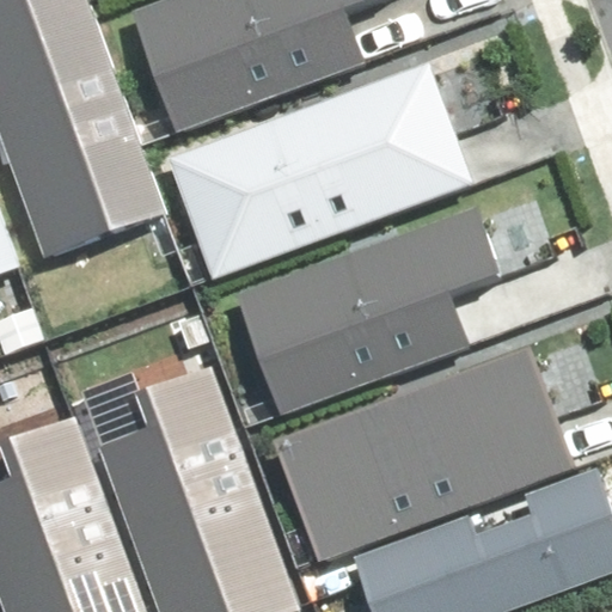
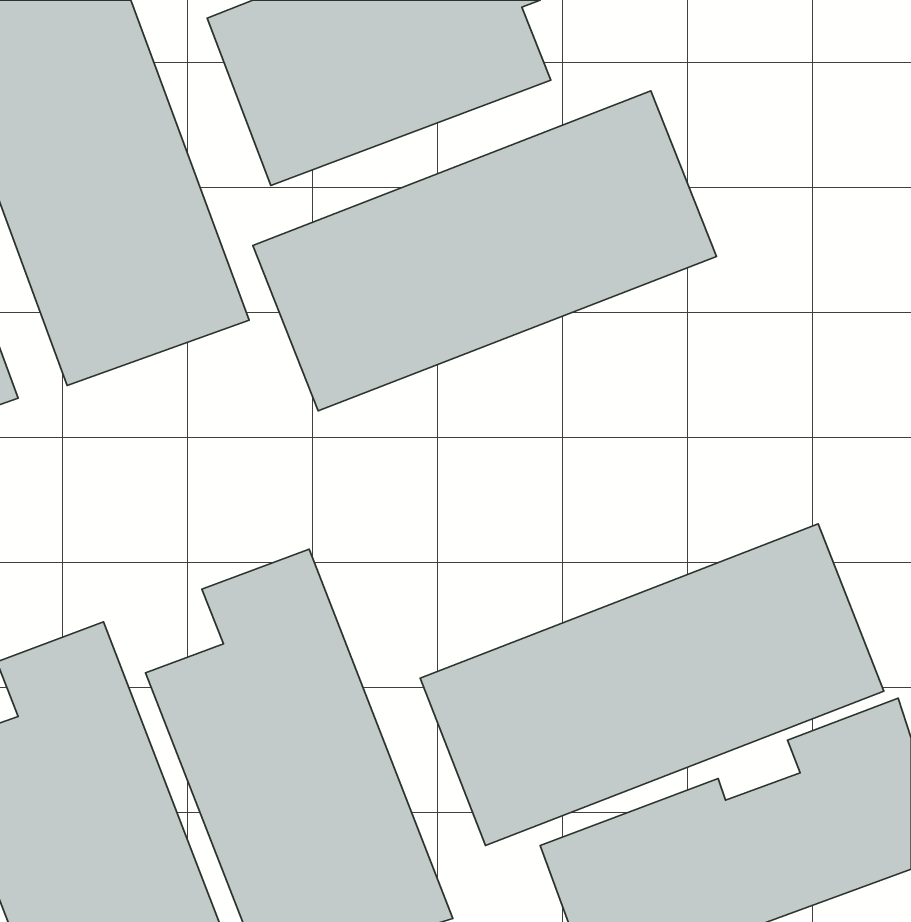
building: [232,204,496,408] -> none

